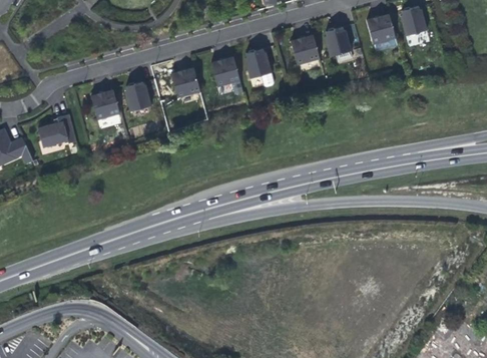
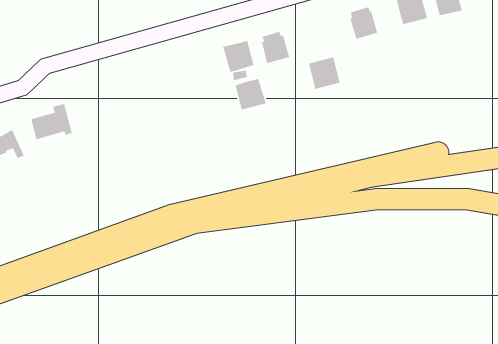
building: [291,35,320,65] -> [308,56,340,90]
building: [171,68,200,97] -> [234,78,267,110]
building: [125,82,151,111] -> none
building: [91,90,120,119] -> none

